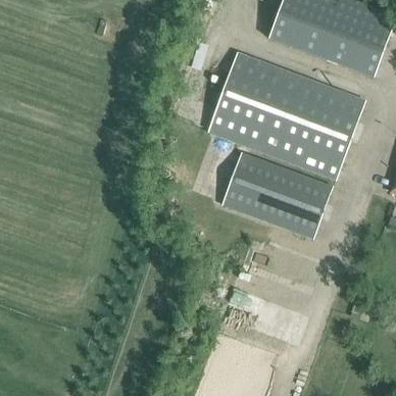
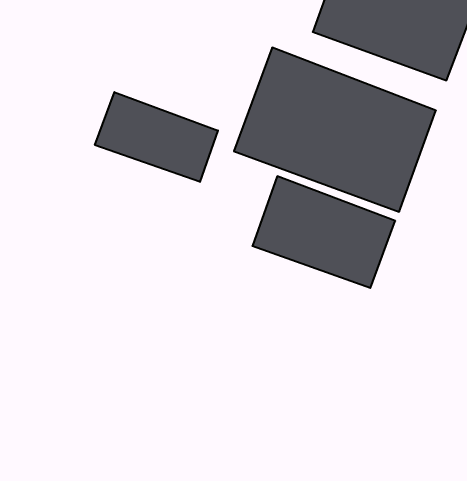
building: none -> [95,92,218,182]

